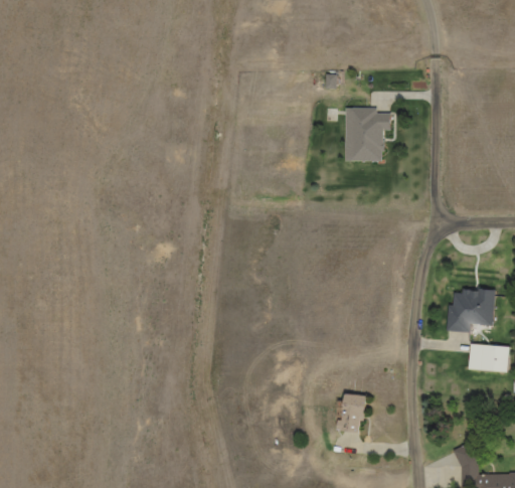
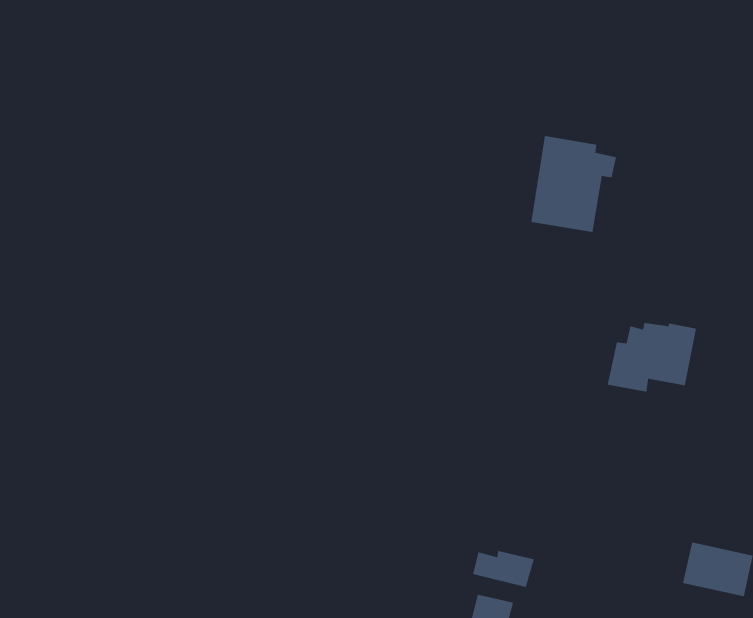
building: [446,289,496,333] -> [607,323,697,392]
building: none -> [473,550,534,588]

